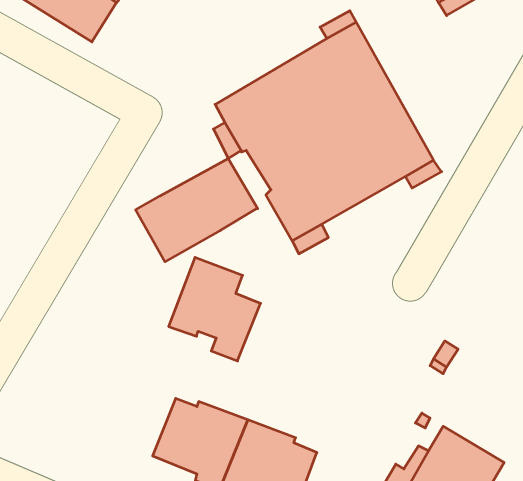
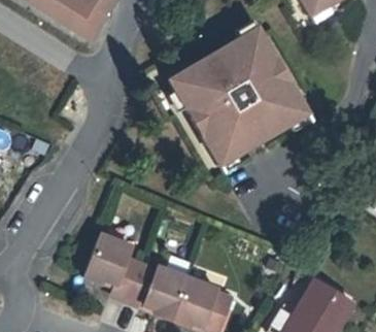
building: [136,159,258,262] -> none
building: [169,257,261,361] -> [88,233,145,298]

